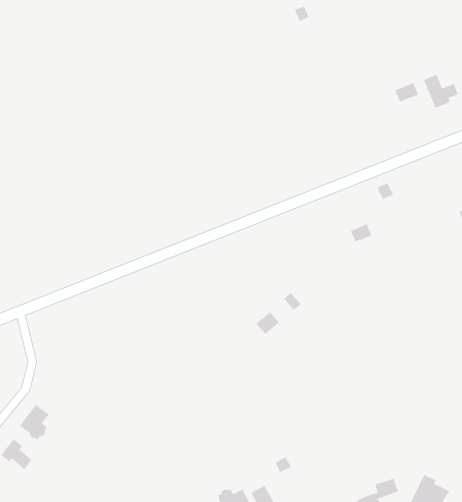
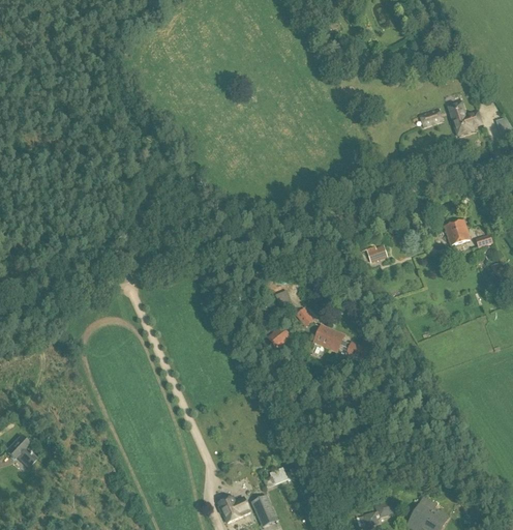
building: none -> [444,218,470,244]
building: none -> [314,325,366,358]
building: [19,404,49,440] -> none

